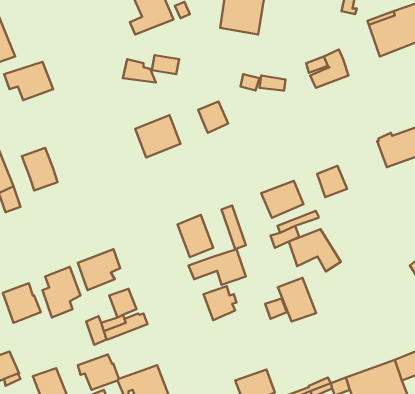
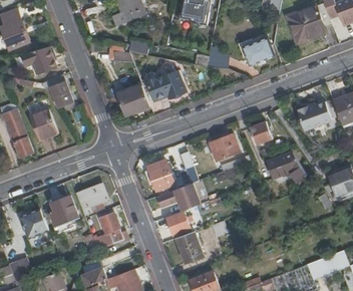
building: none -> [147,71,187,99]
building: none -> [42,74,75,109]
building: [289,229,341,271] -> [269,151,307,182]
building: [278,278,316,321] -> [176,231,205,263]

